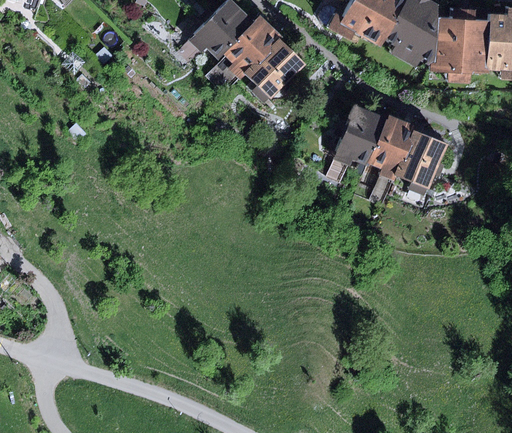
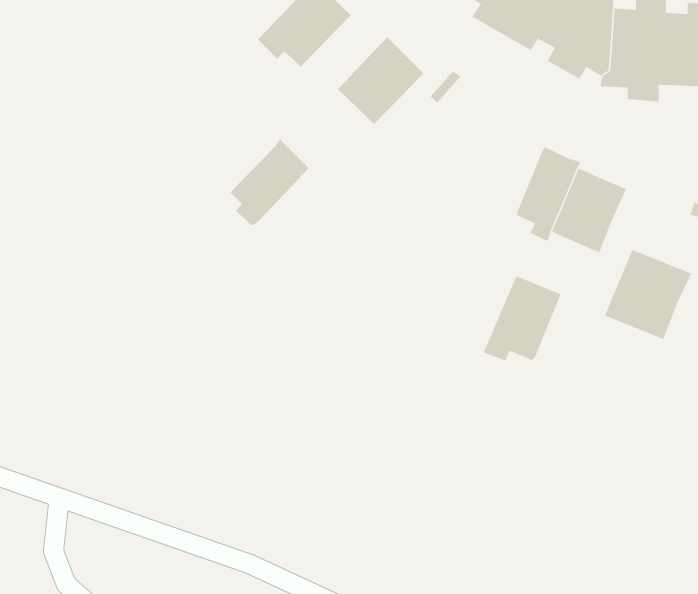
building: [223,16,279,78] -> [230,138,309,227]
building: [332,105,387,165] -> [483,276,561,361]
building: none -> [604,249,692,340]

